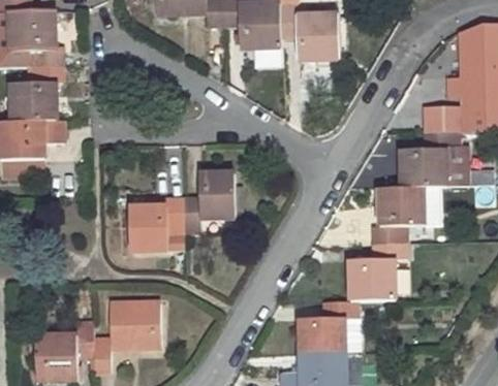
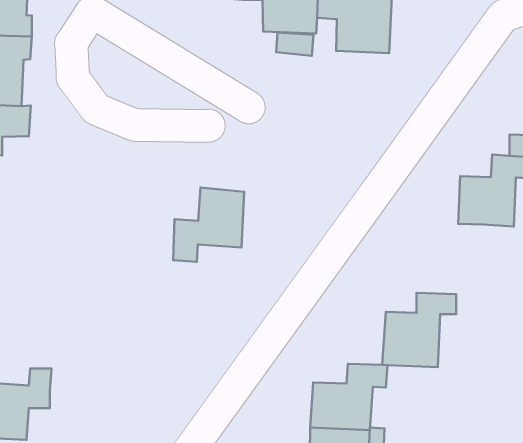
building: [373,186,424,243] -> none
building: [128,198,182,251] -> none
building: [93,302,160,369] -> none

